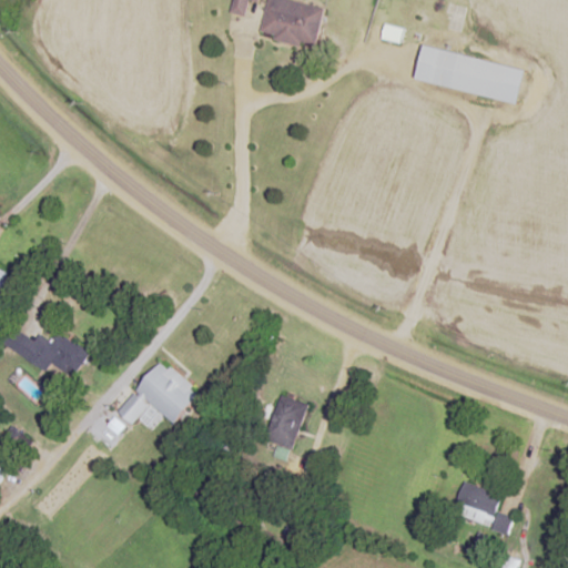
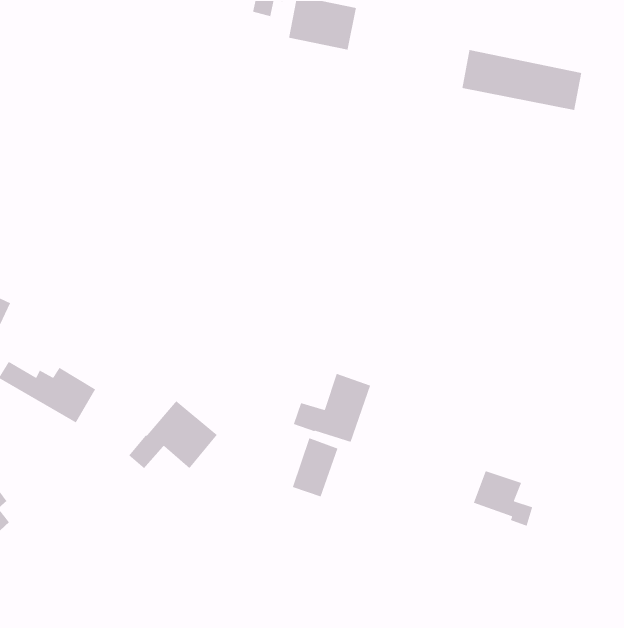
building: none -> [293,373,371,443]
building: [456,484,510,535] -> [473,470,533,527]

